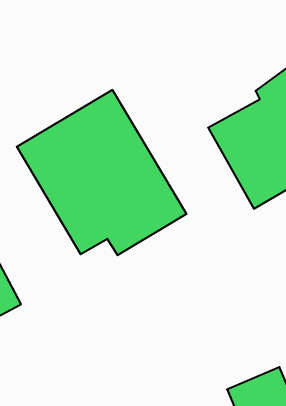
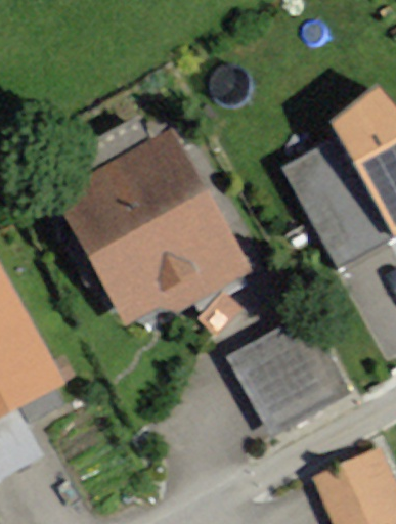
building: none -> [232,320,351,437]

